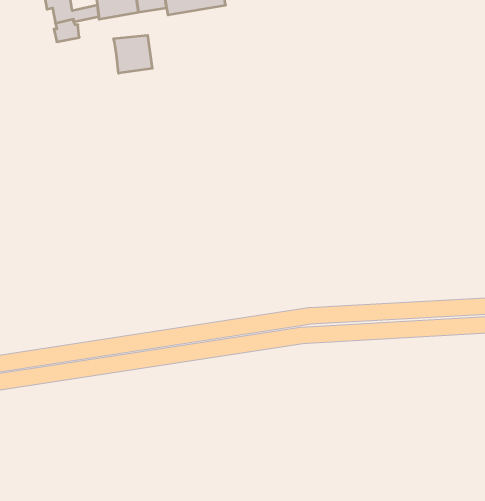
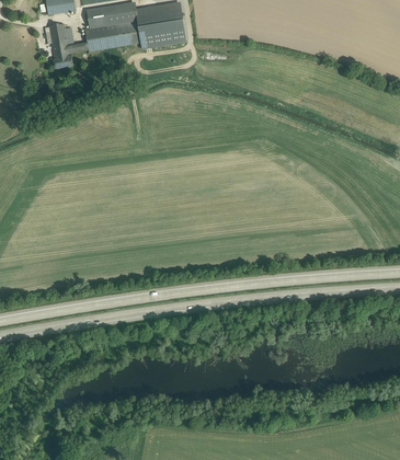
building: [114,35,152,73] -> none

